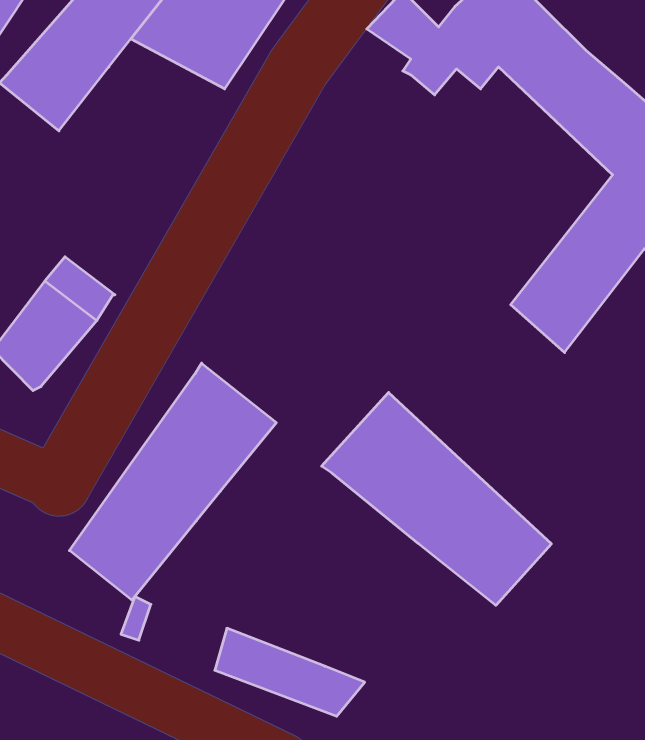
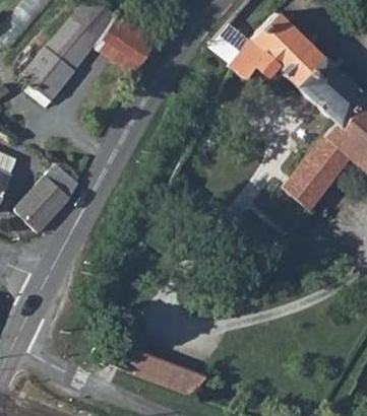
building: [69,363,276,600] -> none
building: [322,392,551,605] -> none

